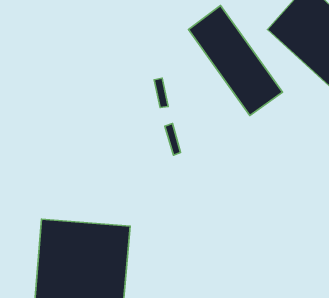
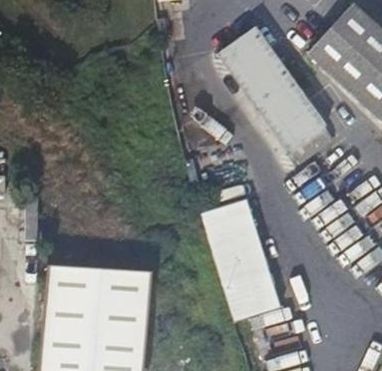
building: none -> [204,201,282,323]

